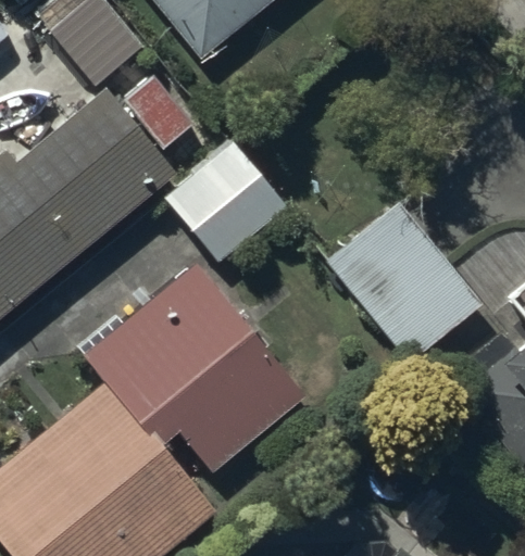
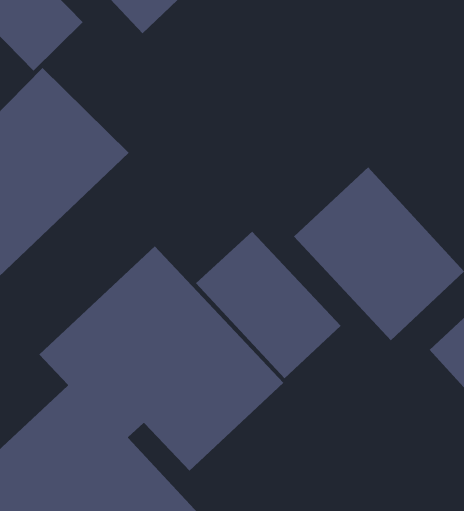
building: [164,140,289,264] -> none
building: none -> [195,231,342,379]

